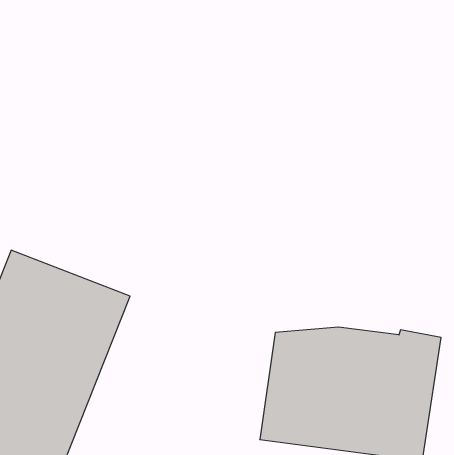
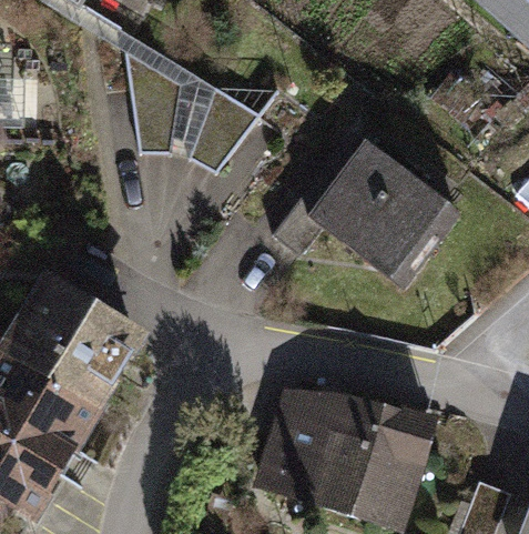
building: none -> [123,50,260,172]
building: none -> [273,137,464,289]

